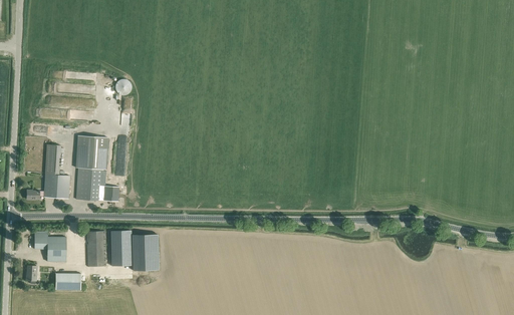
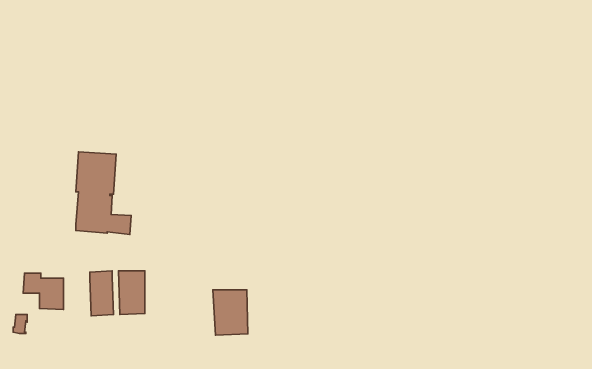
building: [26,143,69,198] -> none
building: [131,233,159,269] -> [213,290,248,335]
building: [54,272,80,289] -> none

